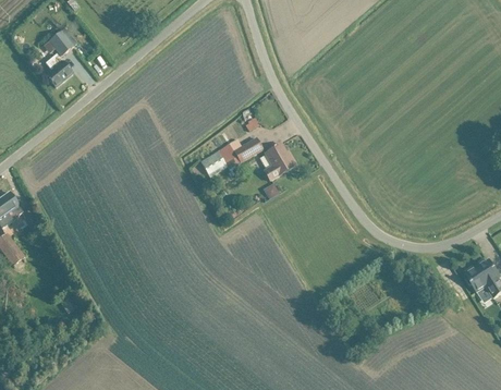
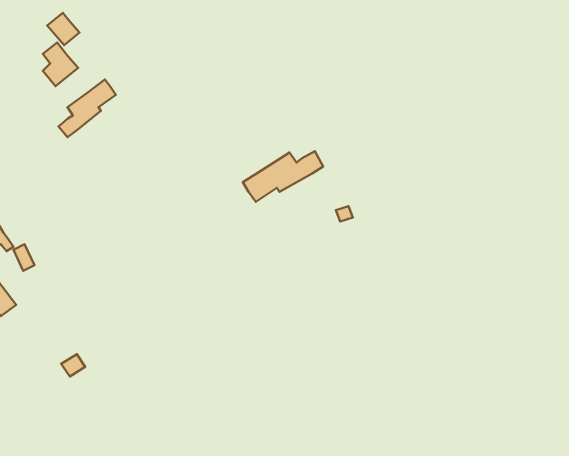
building: none -> [58,80,116,137]
building: [259,143,296,180] -> none

